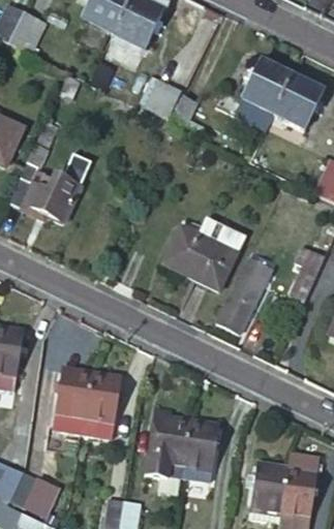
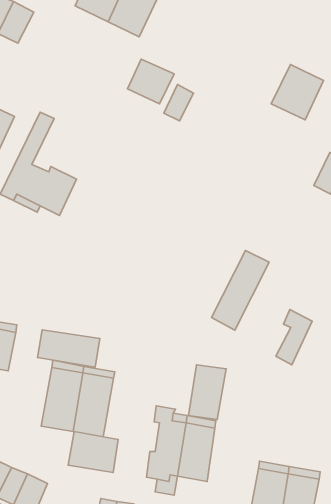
building: [240,60,292,115] -> none
building: [163,219,245,291] -> none
building: [290,249,325,303] -> [276,309,312,365]
building: none -> [38,330,100,367]
building: none -> [189,365,226,419]
building: none -> [68,432,118,472]

